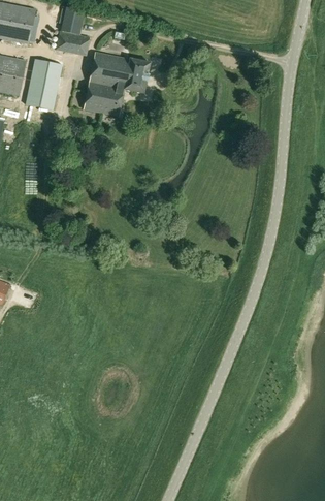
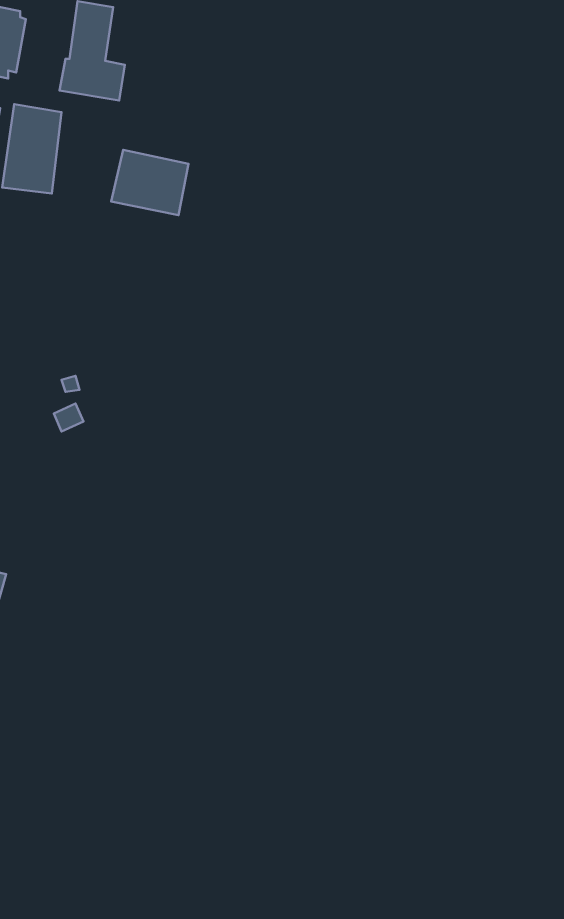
building: [90,53,151,93] -> none

